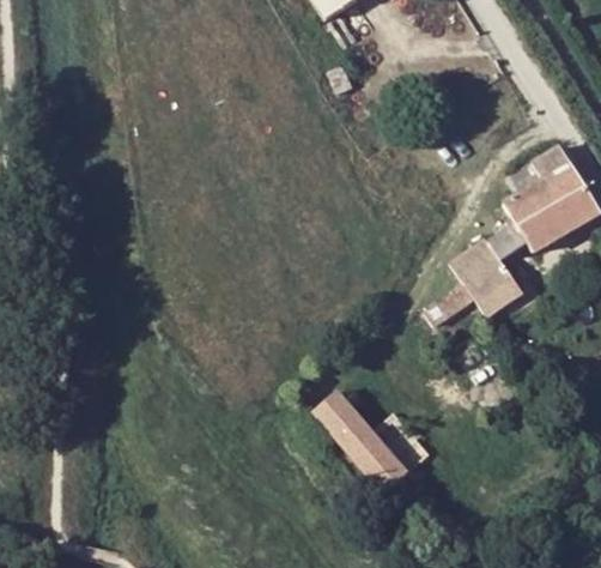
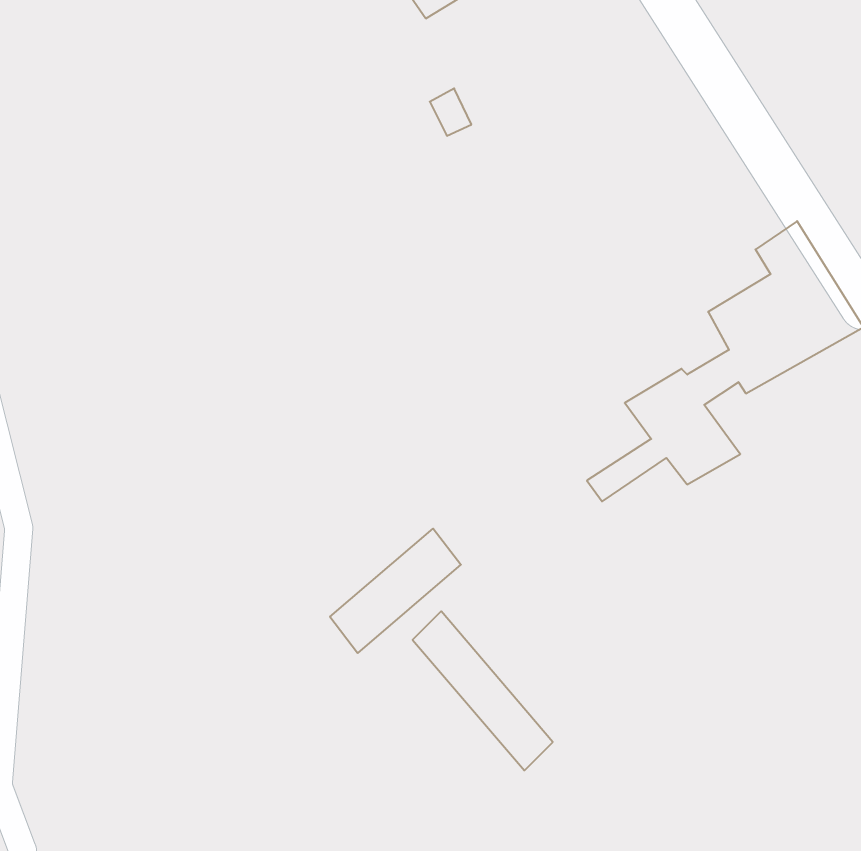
building: none -> [330,529,461,653]

